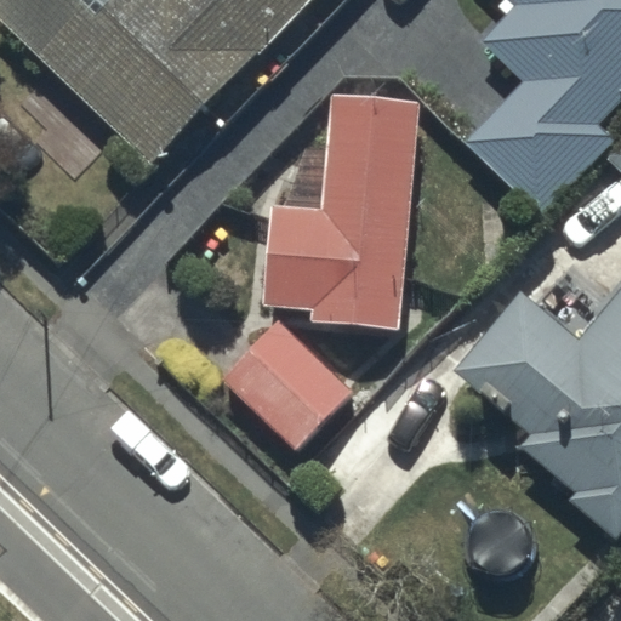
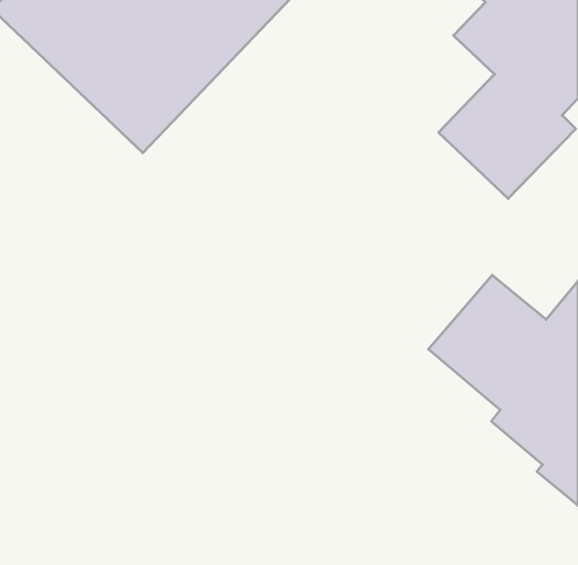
building: [266,97,418,330] -> none
building: [222,317,353,448] -> none

